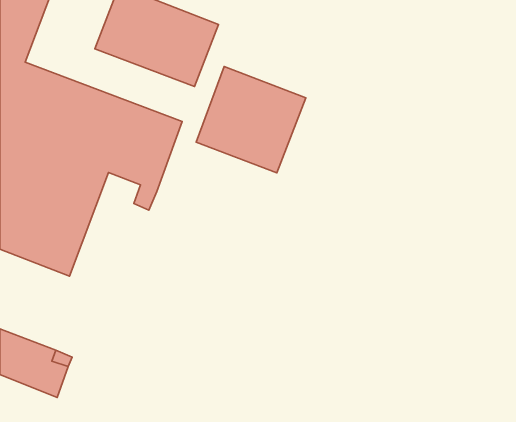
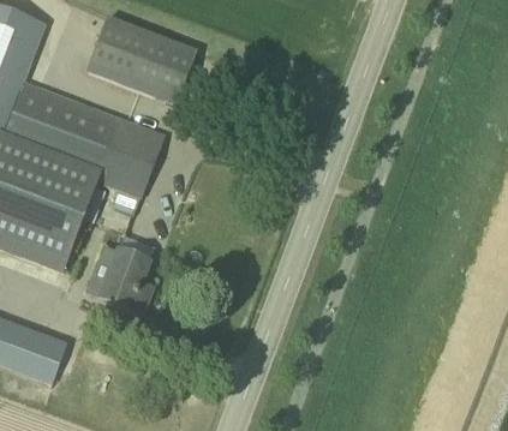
building: [196,67,306,173] -> none
building: none -> [84,244,150,313]

